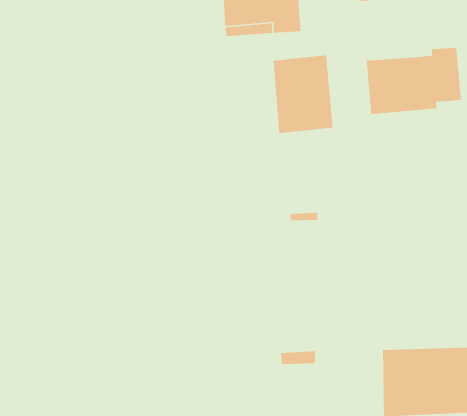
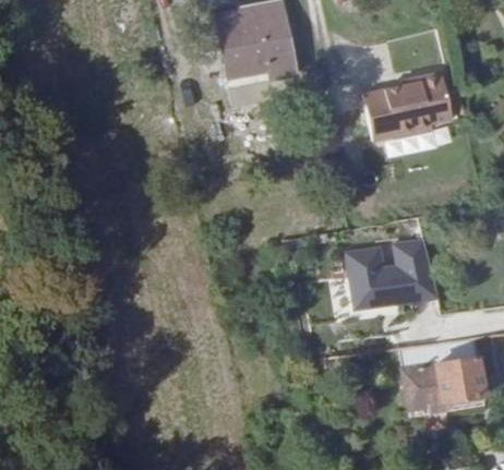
building: [273,54,333,134] -> none
building: none -> [348,234,441,310]

